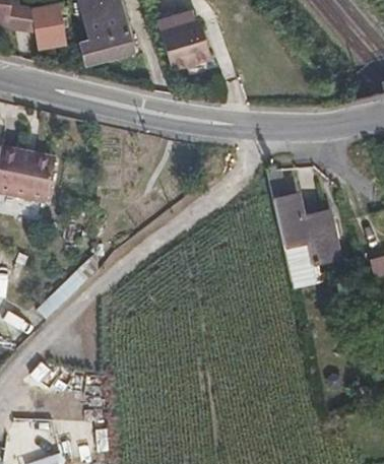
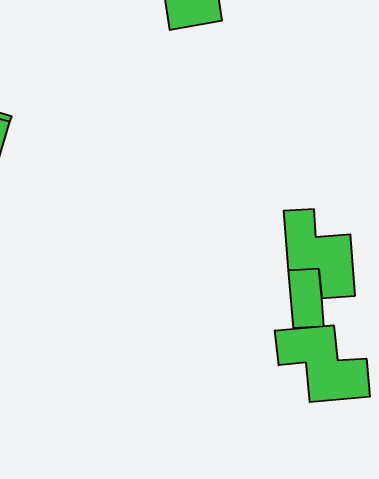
building: none -> [275,325,370,402]

